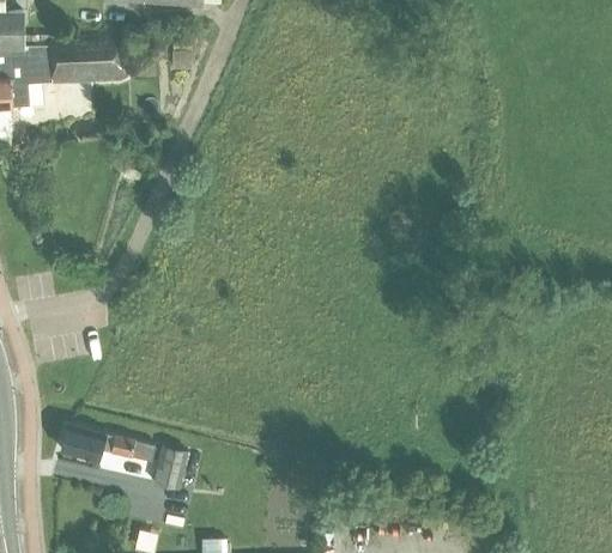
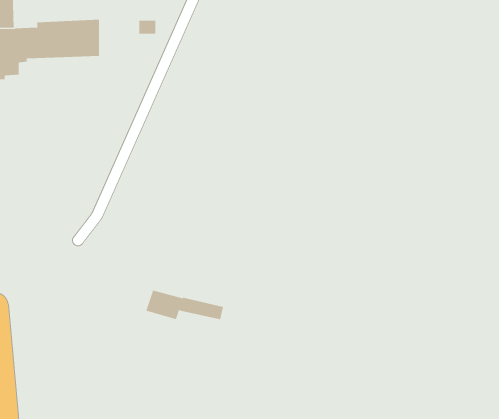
building: [59,429,153,464] -> [146,290,224,320]
building: [152,450,186,493] -> none

